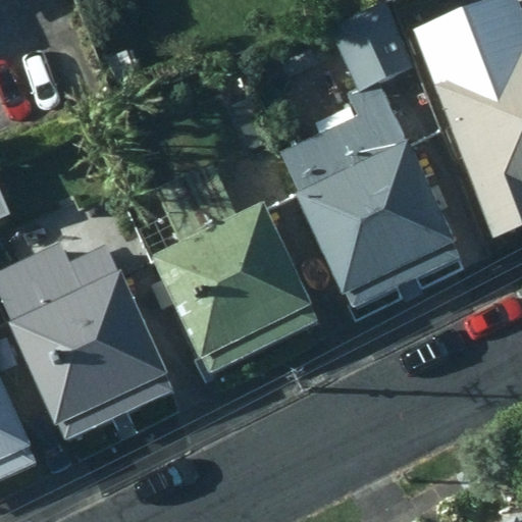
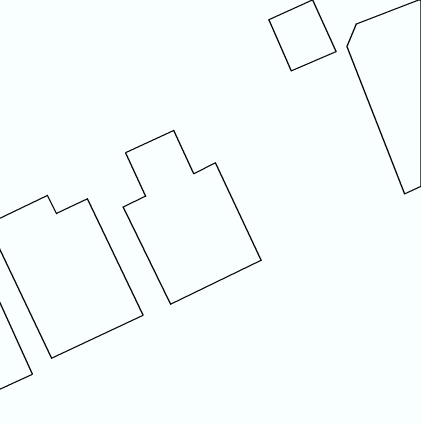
building: [277,82,457,296] -> none

